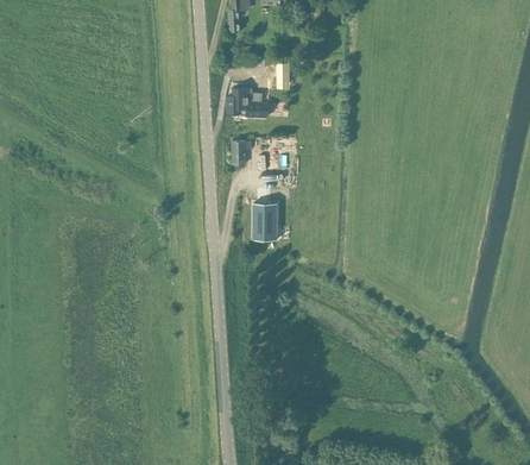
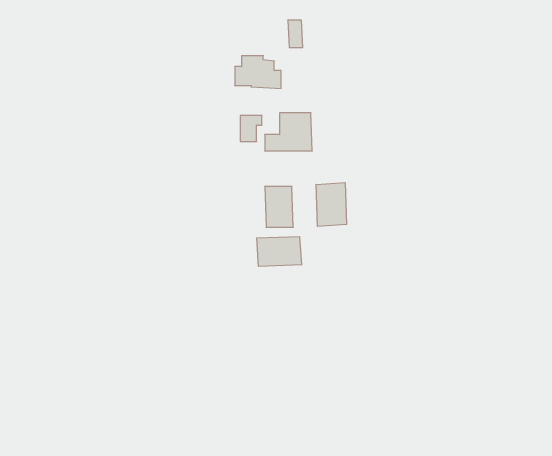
building: none -> [316,183,346,226]
building: none -> [257,237,301,266]

